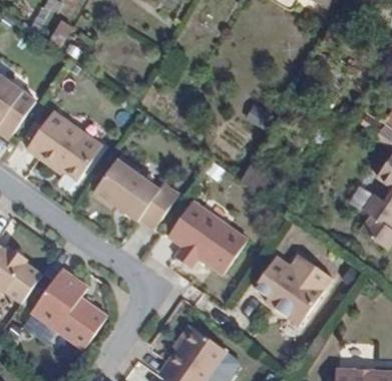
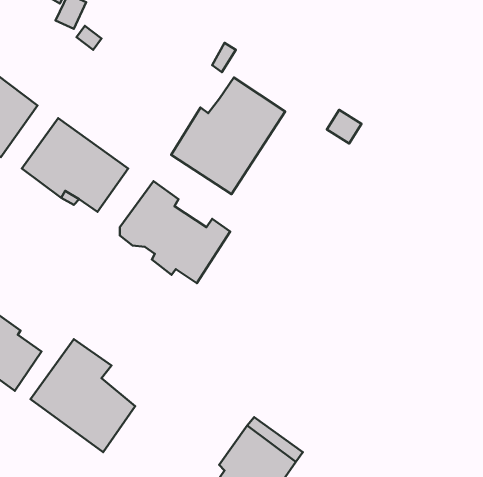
building: none -> [171,78,285,194]
building: [166,205,246,278] -> none
building: [257,254,324,320] -> none

